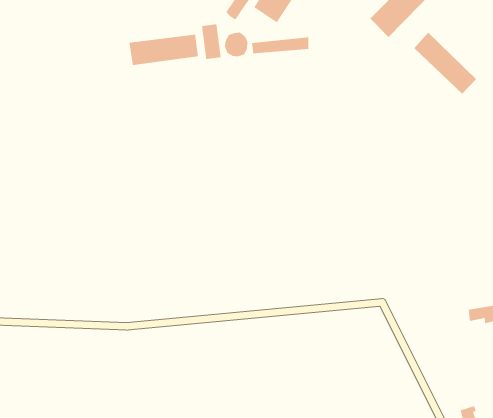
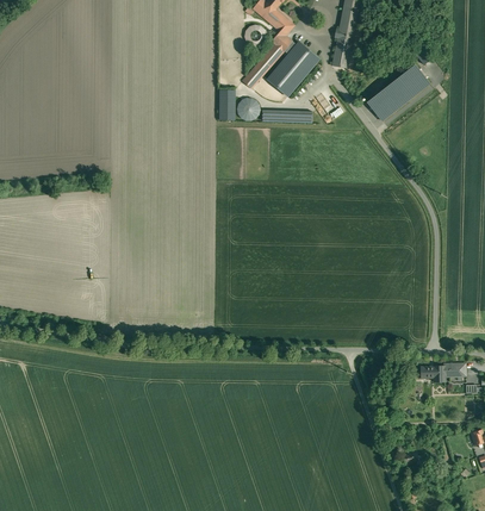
building: [414,32,477,94] -> none
building: [129,34,199,66] -> none

